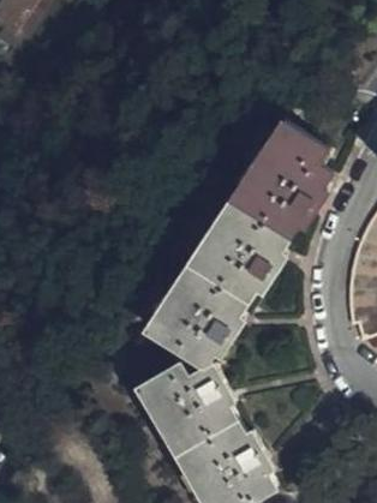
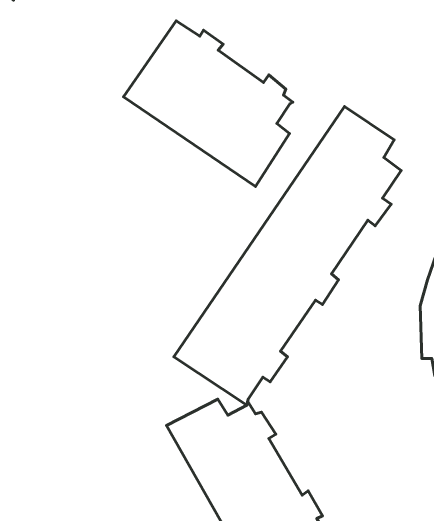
building: none -> [124,21,293,187]

